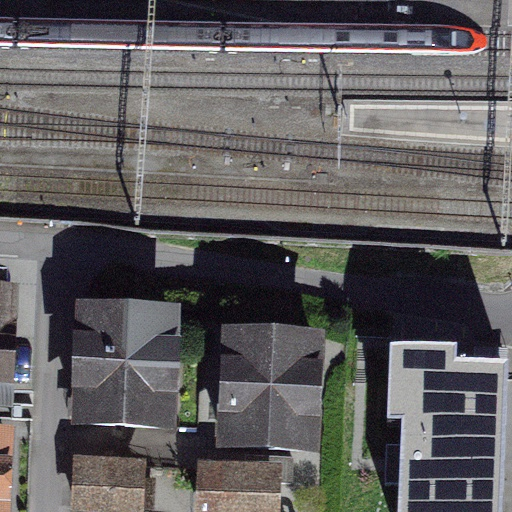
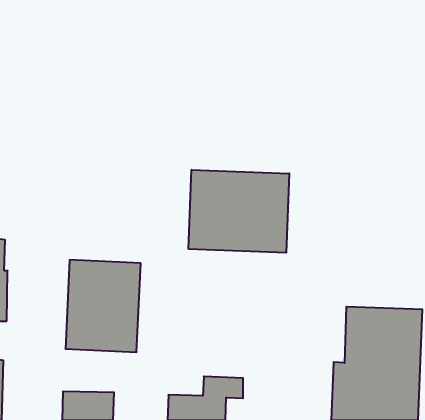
building: none -> [189,170,289,253]
building: [223,334,313,443] -> none

